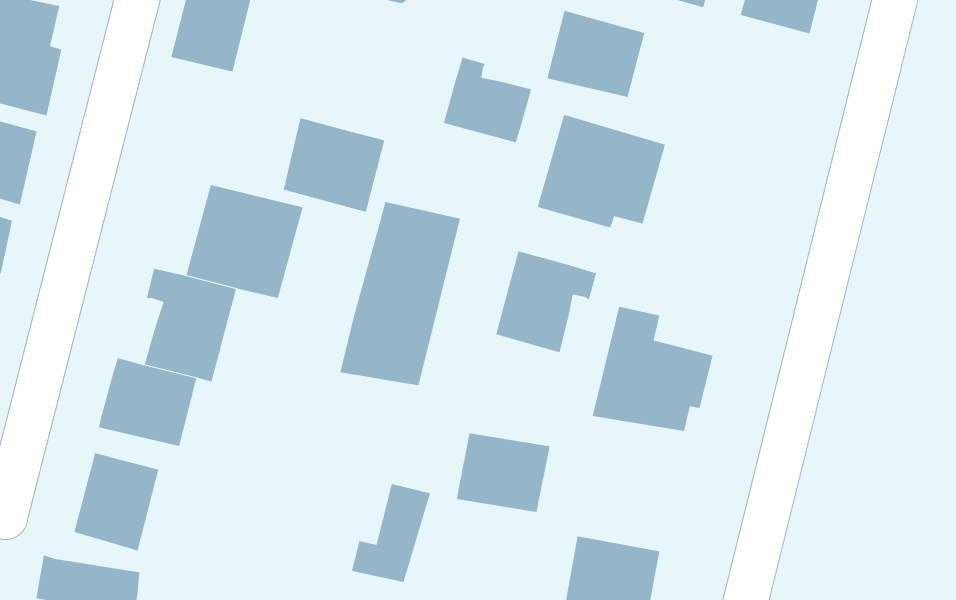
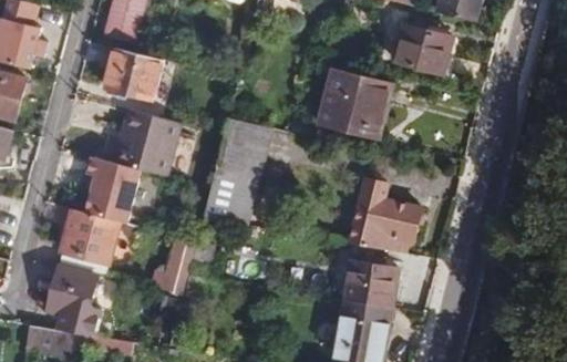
building: [547,10,645,97] -> [395,23,453,74]
building: [443,57,532,143] -> none
building: [283,118,385,213] -> [103,46,163,102]
building: [496,250,597,353] -> none
building: [456,433,551,513] -> [343,260,399,307]
building: [351,484,431,582] -> [148,235,195,292]

